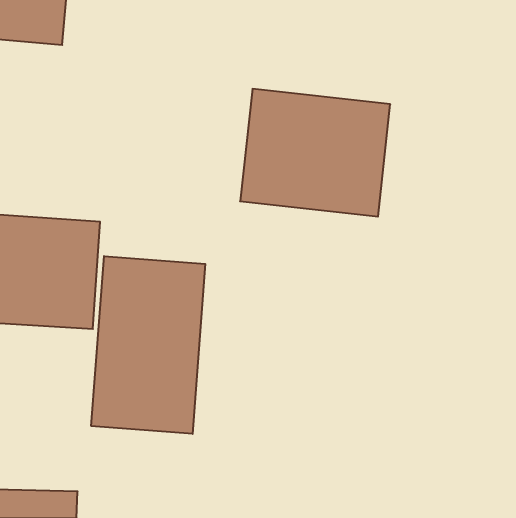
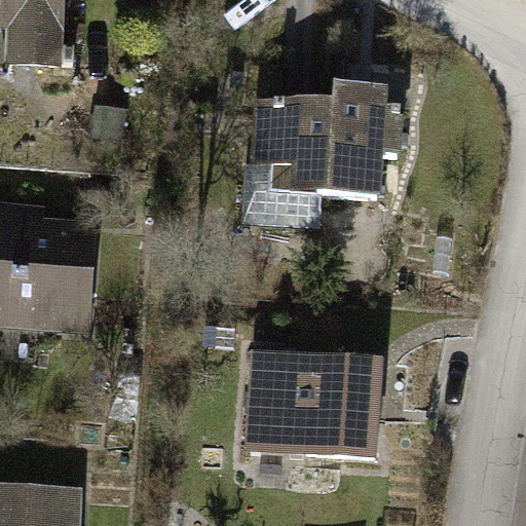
building: [91,256,205,434] -> none
building: none -> [232,345,392,475]

